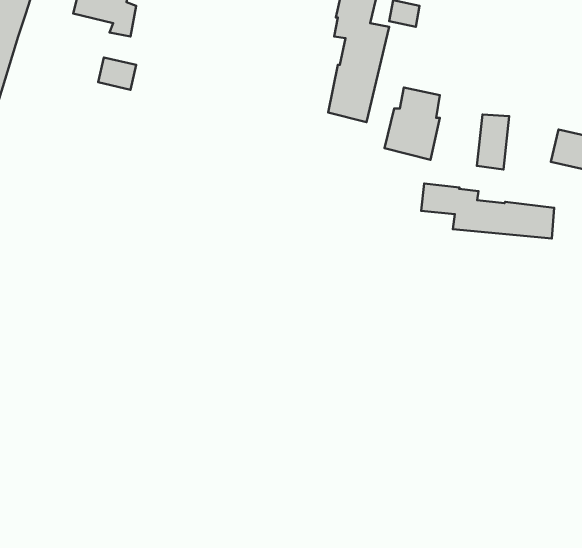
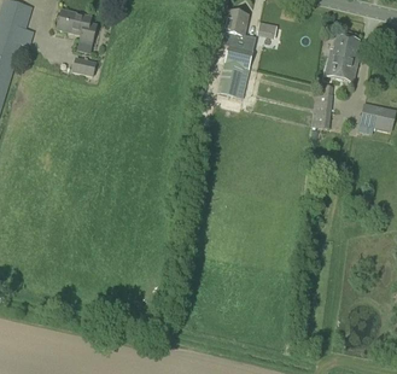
building: [385,87,440,160] -> [325,35,360,81]
building: [421,184,554,239] -> none

